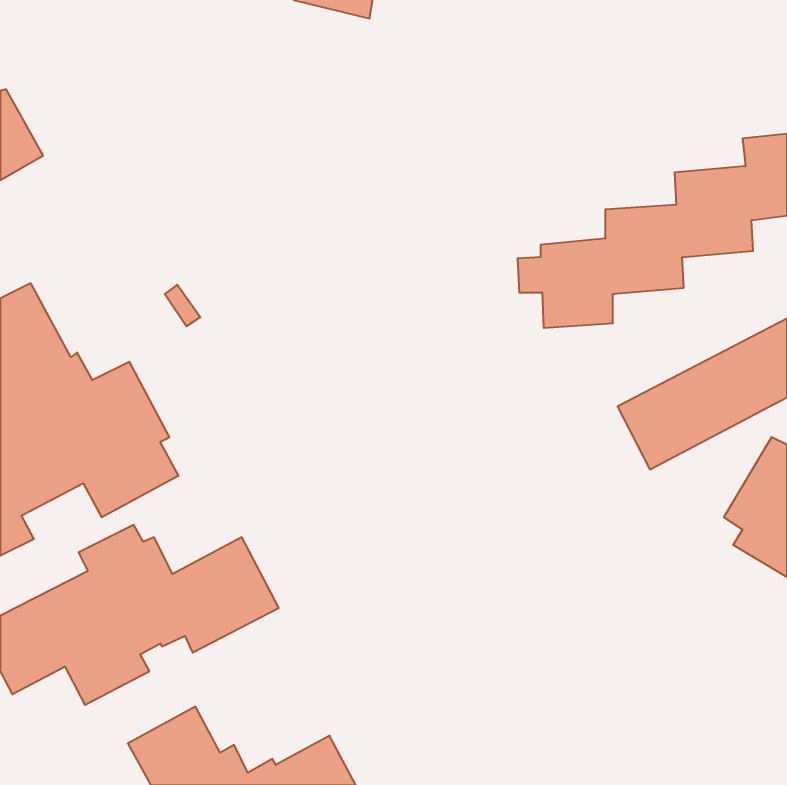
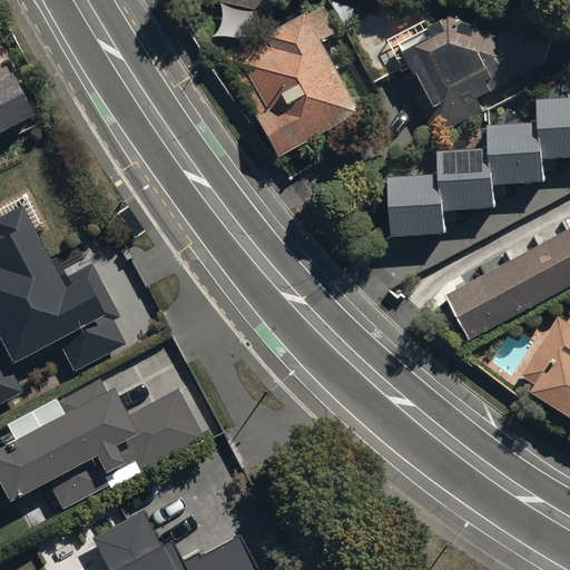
building: none -> [223,6,357,155]
building: none -> [401,11,553,131]

